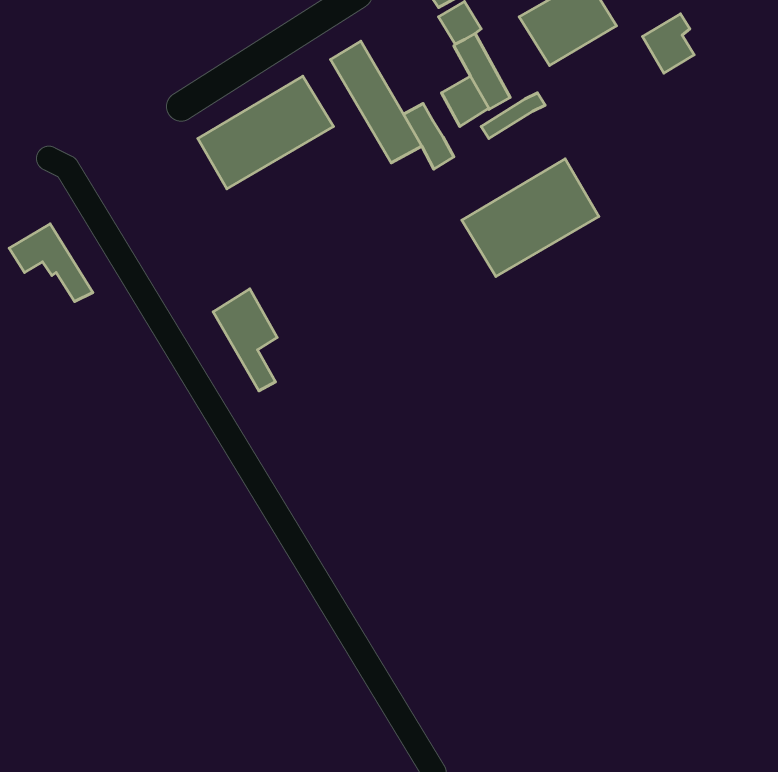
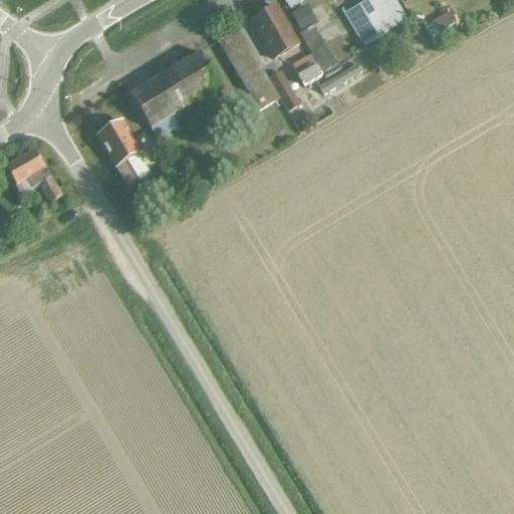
building: none -> [252,4,295,54]
building: [462,159,599,277] -> none
building: [213,289,277,391] -> [97,118,140,186]

